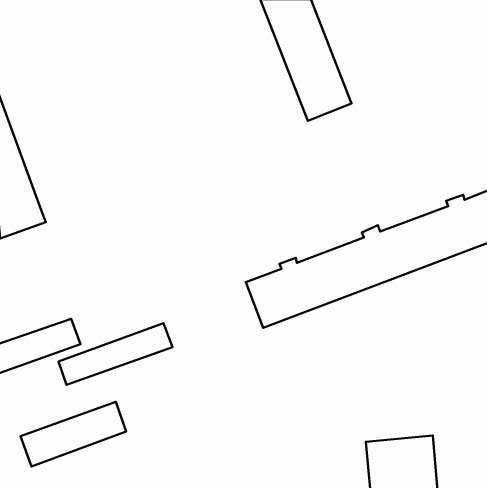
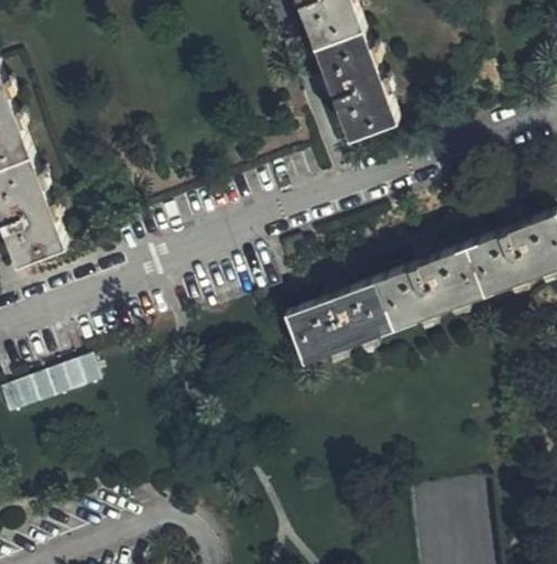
building: [58,323,172,385] -> none
building: [20,402,126,467] -> none

